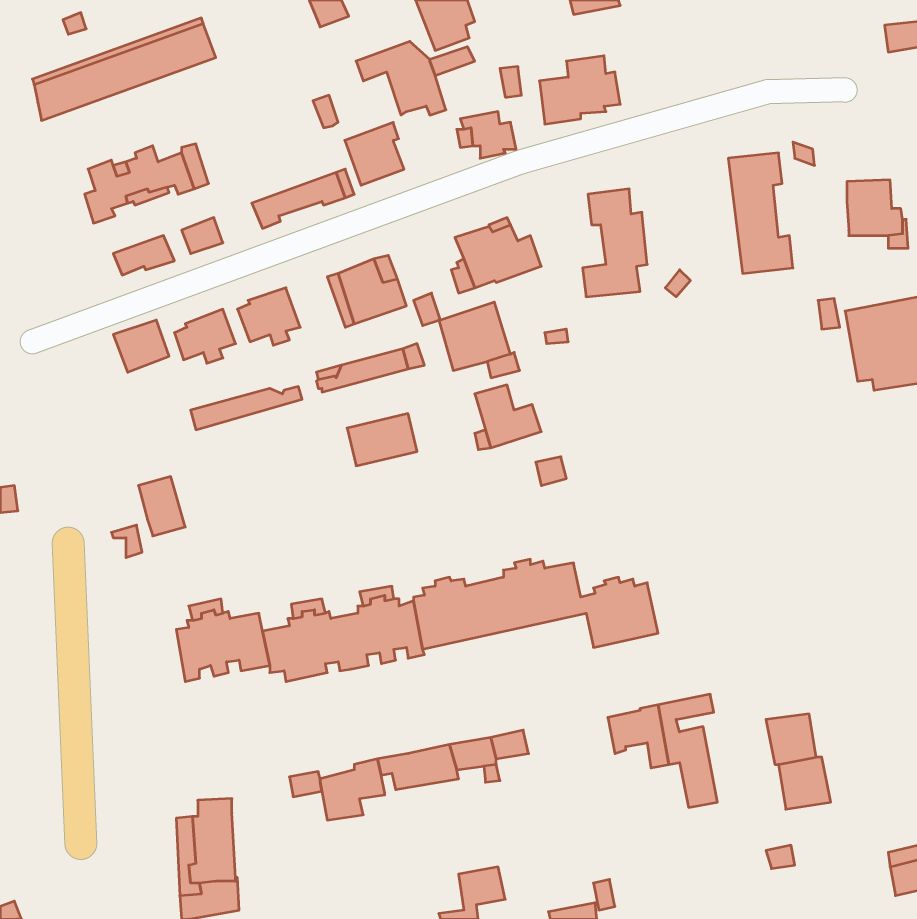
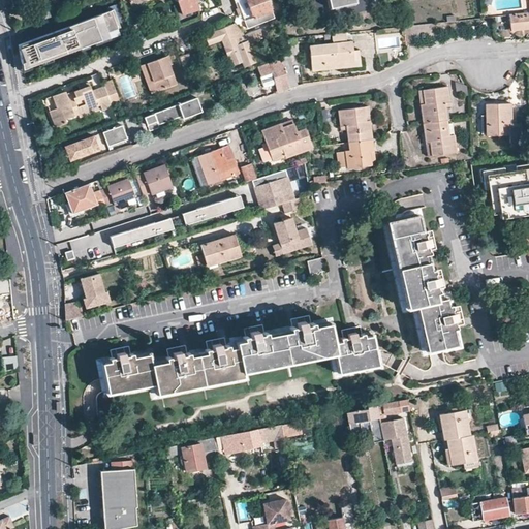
building: [345,122,404,185] -> [142,58,176,94]
building: none -> [388,216,460,351]
building: none -> [471,491,509,521]

